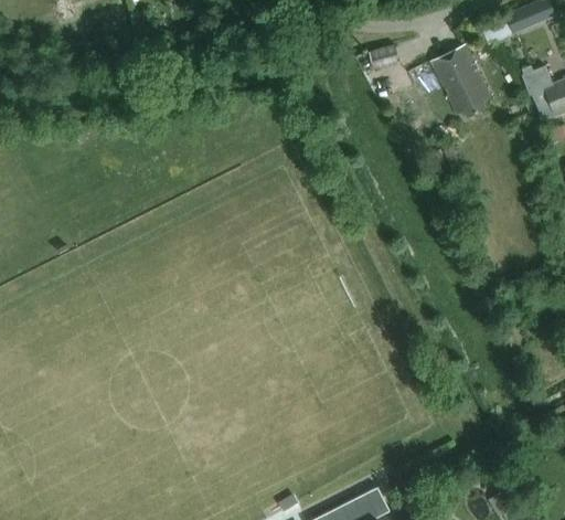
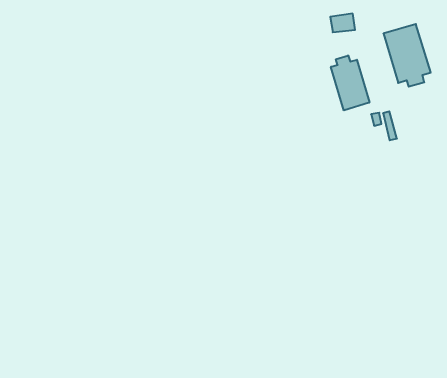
building: none -> [331,55,369,110]

